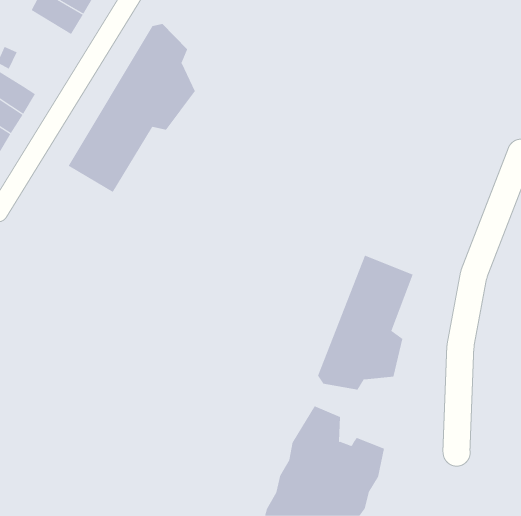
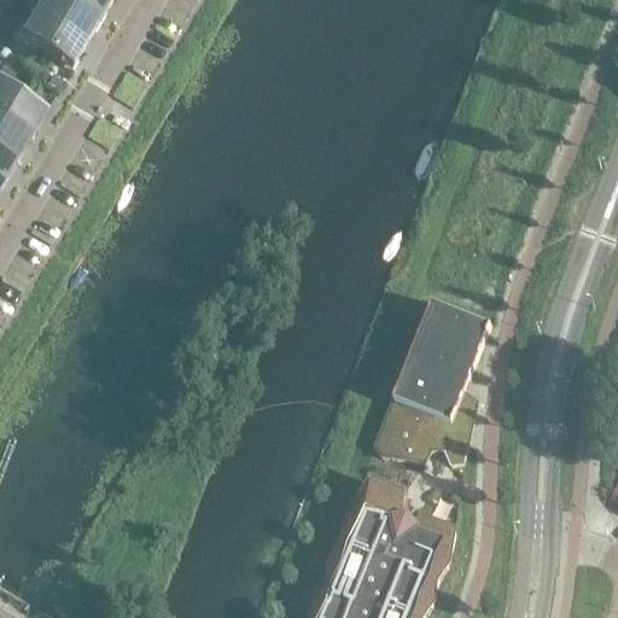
building: none -> [22,12,84,65]
building: [68,23,196,193] -> none

